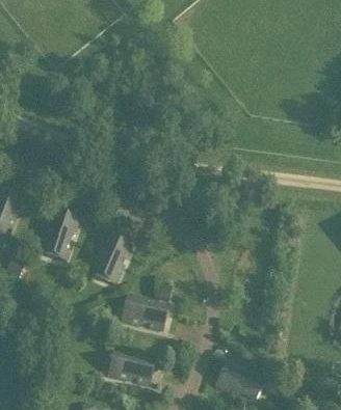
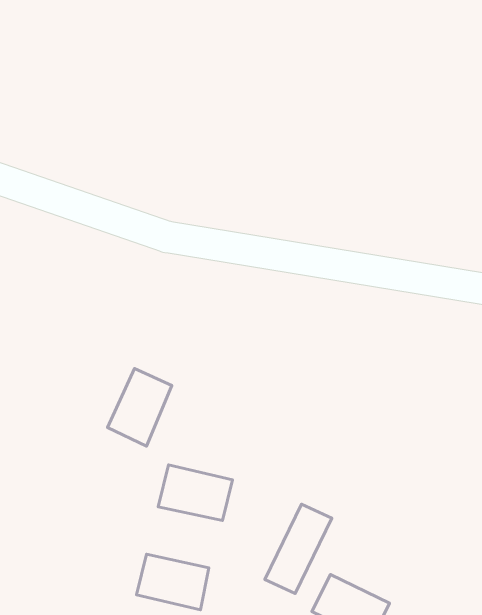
building: [38,212,76,258] -> none
building: none -> [265,504,332,593]

